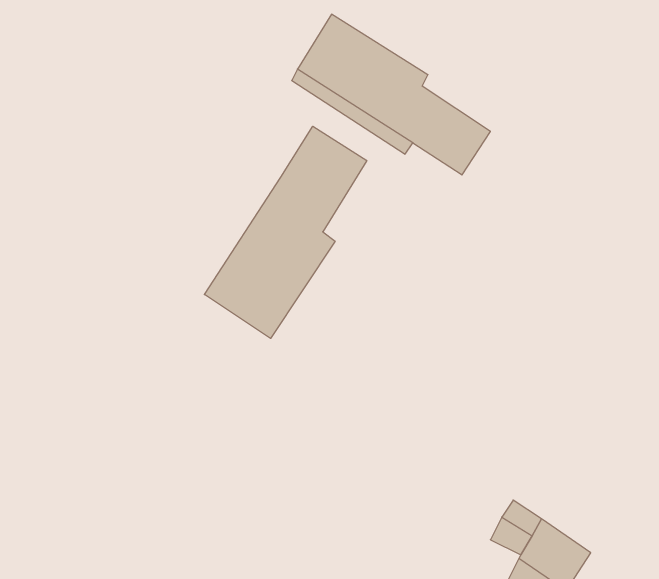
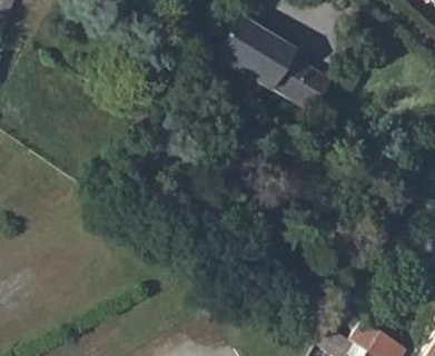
building: [204,126,367,338] -> none

